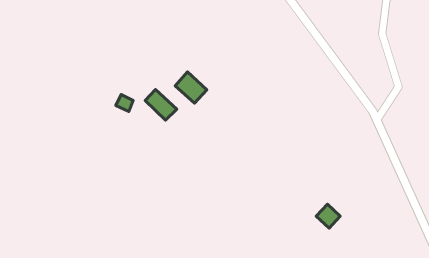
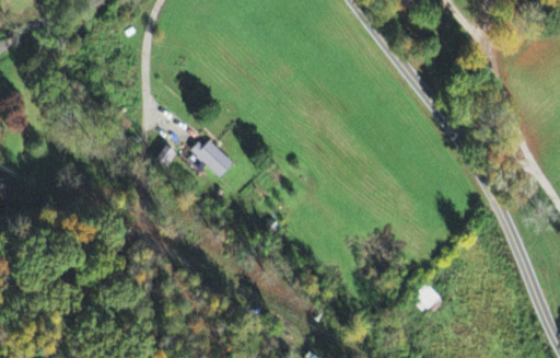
building: [175,72,207,103] -> none

